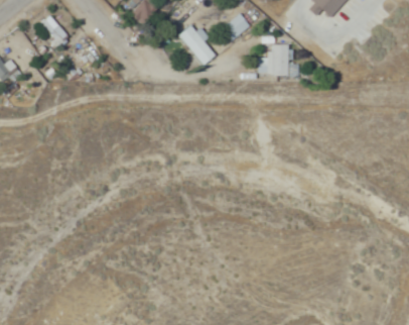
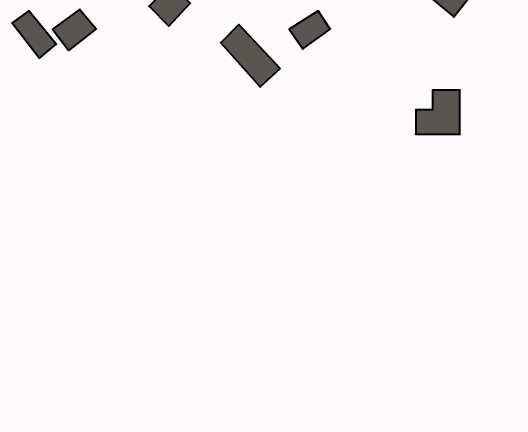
building: none -> [53,9,96,50]
building: [259,44,288,74] -> [416,90,460,134]

